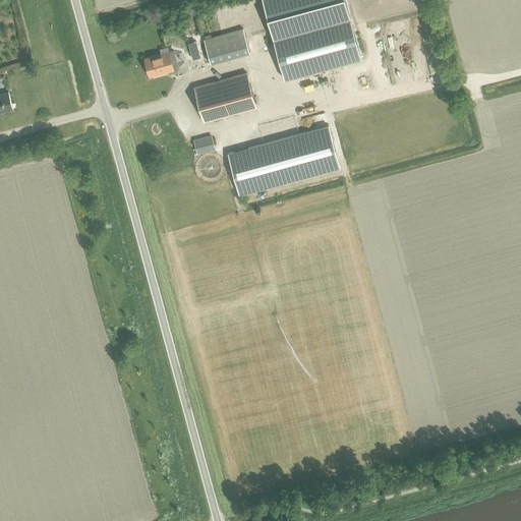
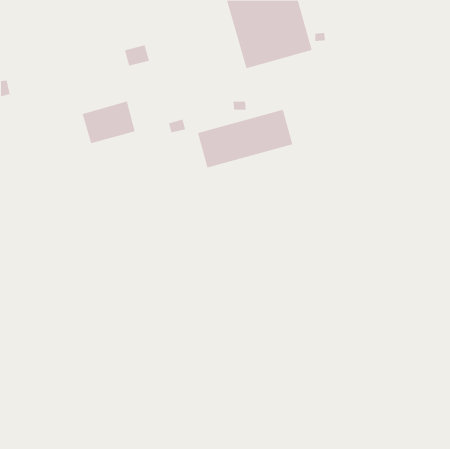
building: [202,30,249,64] -> none
building: [193,73,255,123] -> [82,101,135,144]

